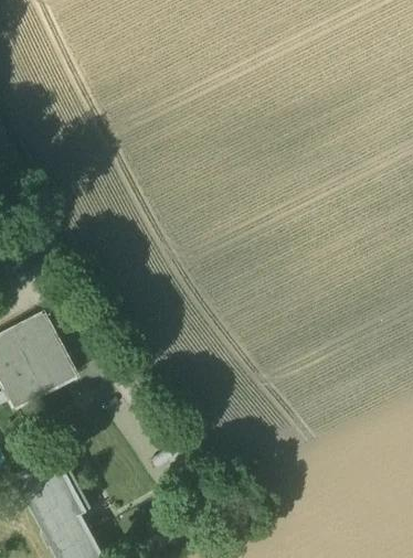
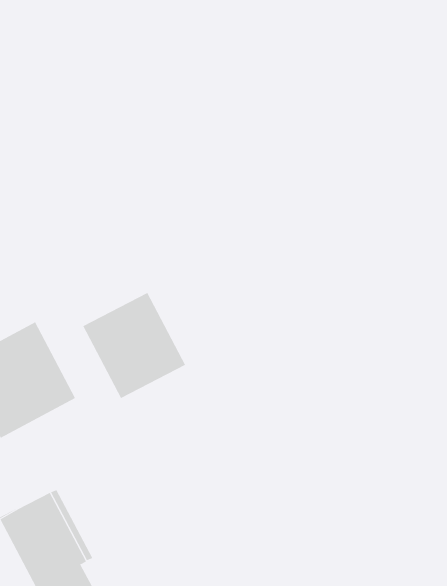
building: none -> [83,292,186,399]

